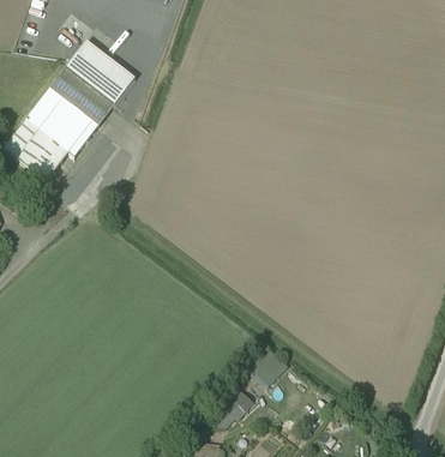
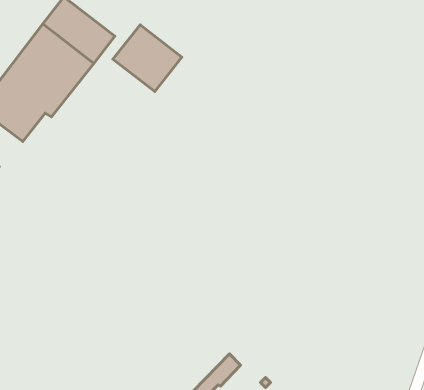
building: none -> [113,25,182,92]

